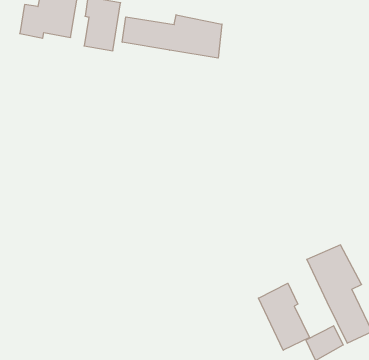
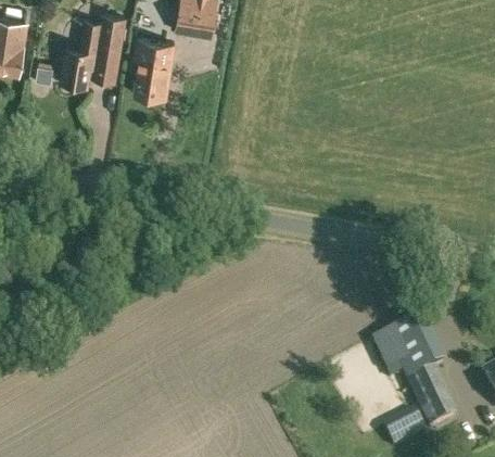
building: [122,15,222,58] -> none
building: [258,283,309,350] -> none

